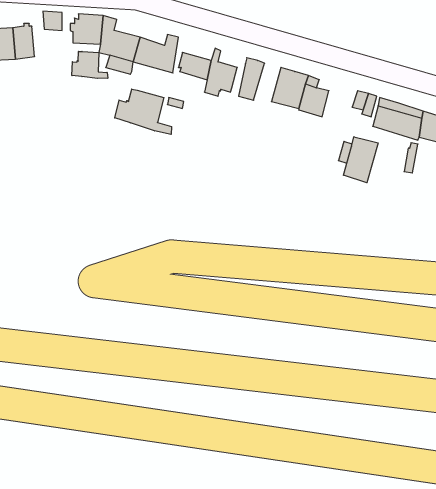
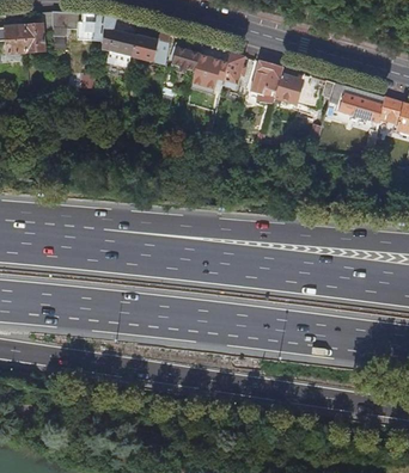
building: [72,51,108,78] -> none
building: [115,89,172,134] -> none
building: [343,137,378,183] -> none

